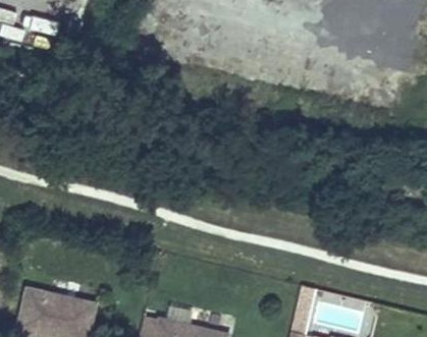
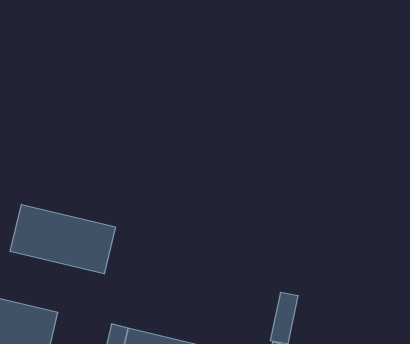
building: none -> [10,204,115,274]

